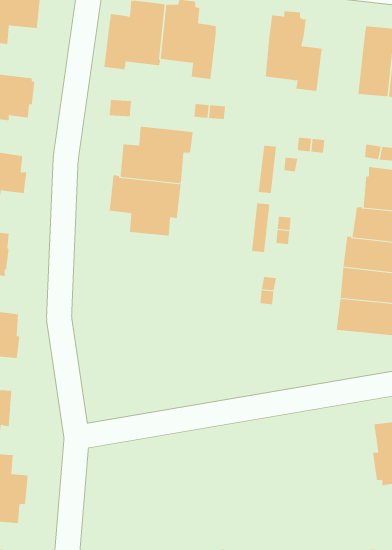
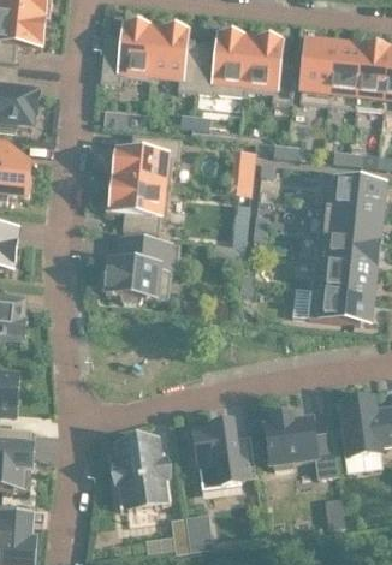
building: none -> [196,25,250,95]
building: none -> [299,40,333,105]
building: none -> [101,237,179,302]
building: none -> [263,412,335,476]
building: none -> [194,422,255,488]
building: none -> [114,440,171,507]

